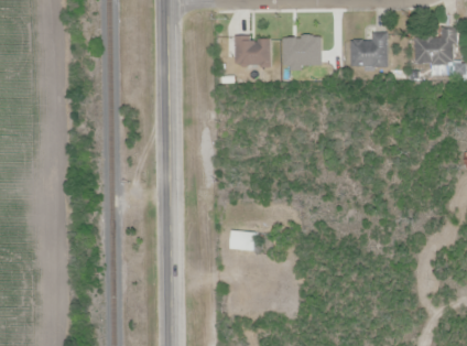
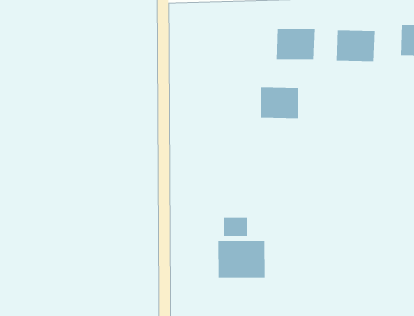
building: [231,36,271,69] -> [260,87,299,119]
building: none -> [218,240,265,279]

